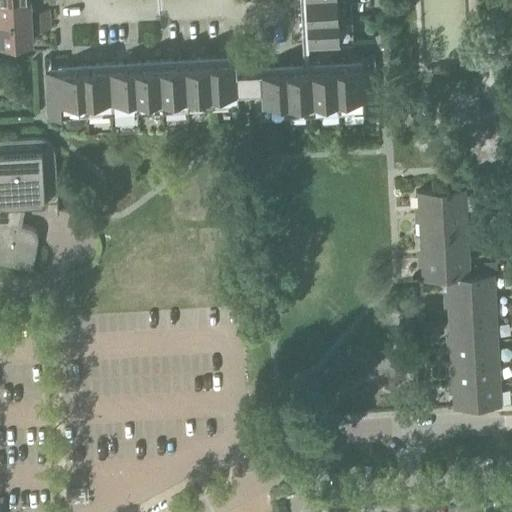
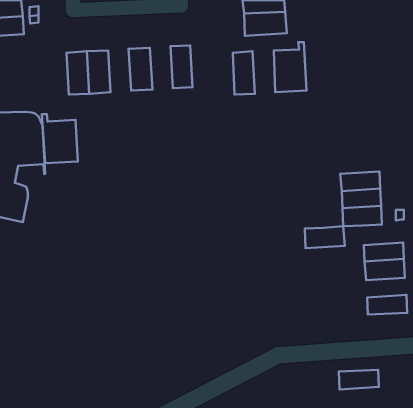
building: [186,60,214,113] -> none
building: [43,61,87,121] -> [42,114,78,163]
building: [135,63,163,116] -> none
building: [311,65,339,118] -> none
building: [246,68,289,120] -> none
building: [417,192,466,216] -> none
building: [446,276,495,303] -> [305,226,345,248]
building: [450,343,499,367] -> none
building: [452,386,501,410] -> [339,370,379,389]

